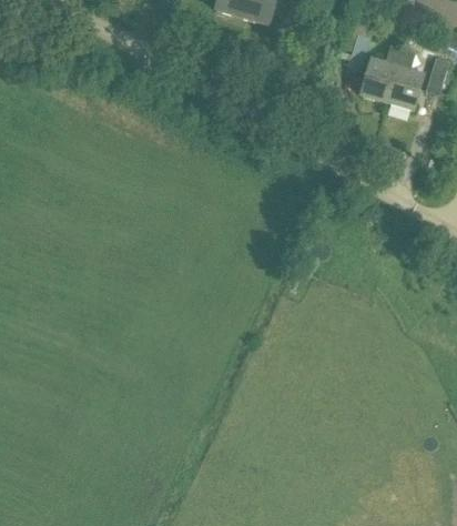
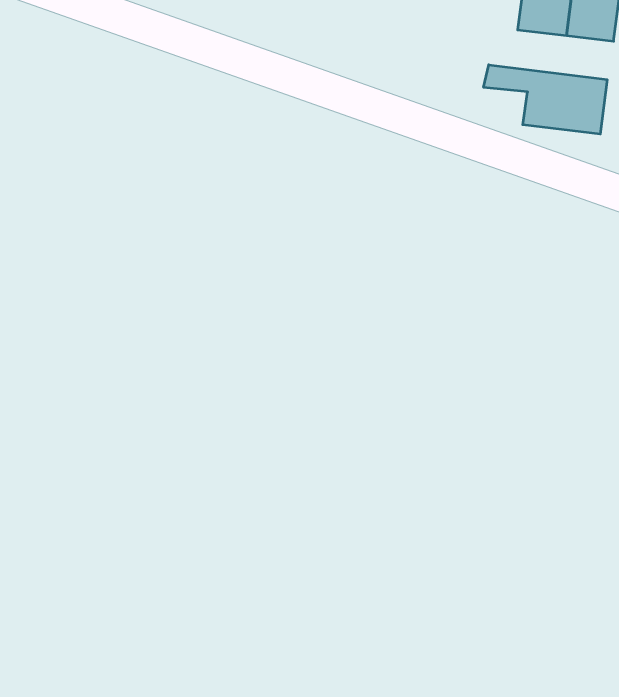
building: none -> [484,65,607,134]

